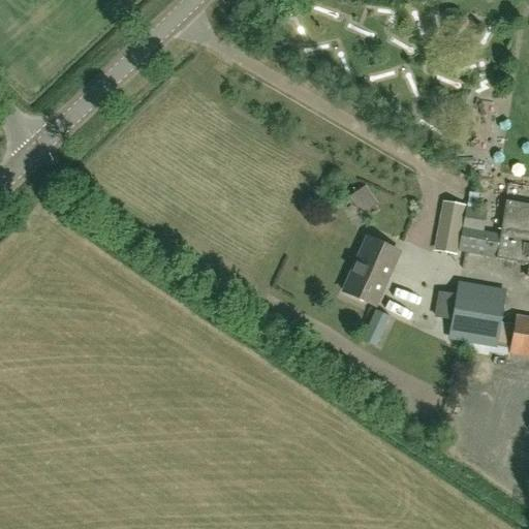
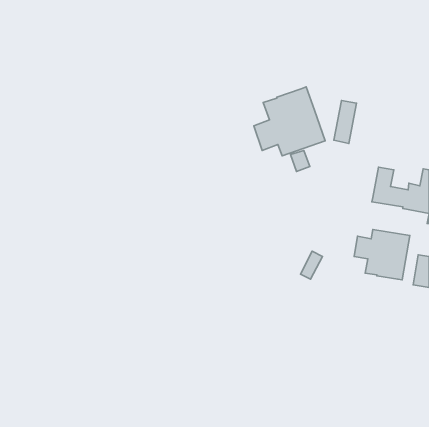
building: none -> [254,87,325,156]
building: [437,199,465,252] -> [334,101,356,143]
building: [343,237,398,304] -> none

